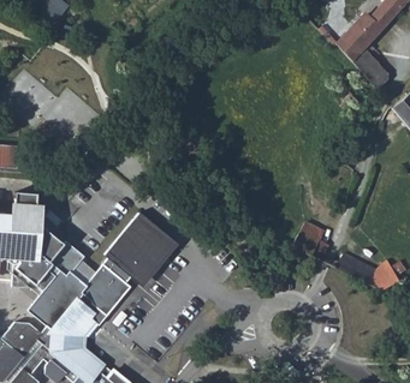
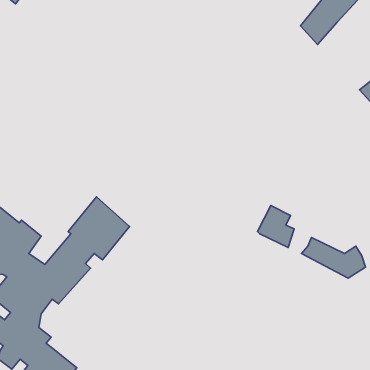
building: [352,42,390,95] -> none

